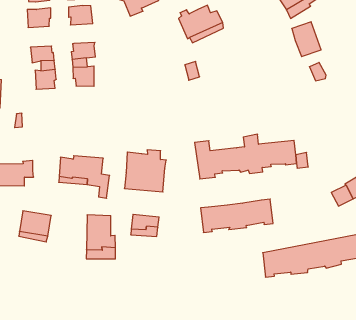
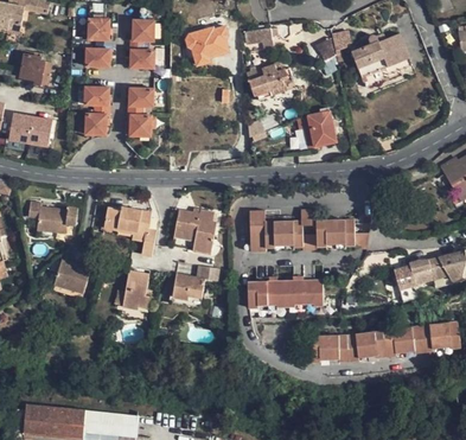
building: [292,22,321,57] -> [307,111,336,147]

